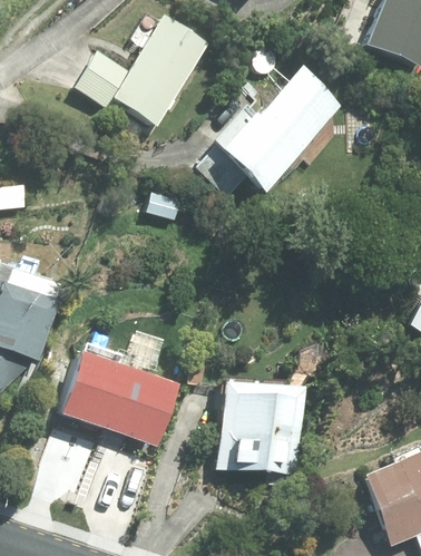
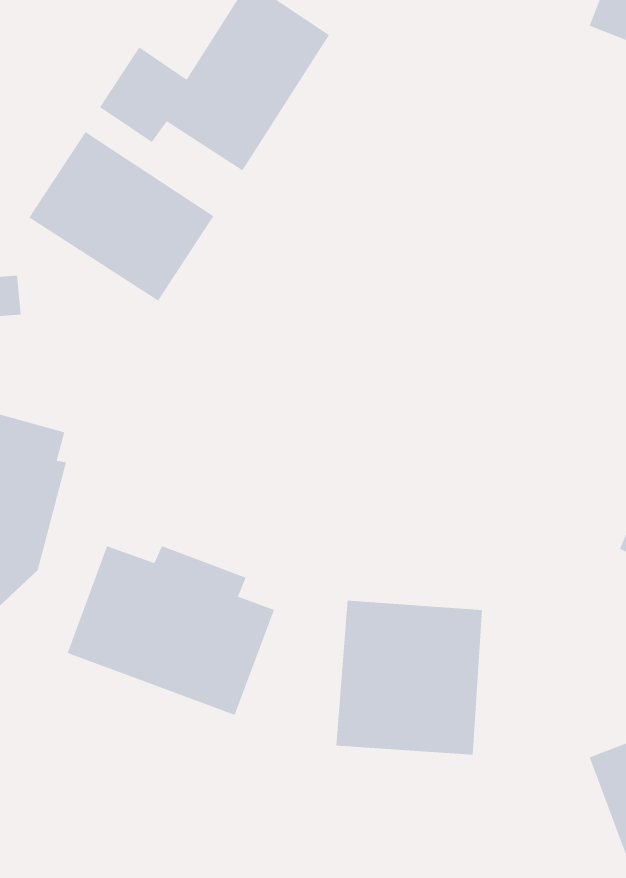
building: [202,64,345,199] -> none
building: none -> [29,131,214,302]

